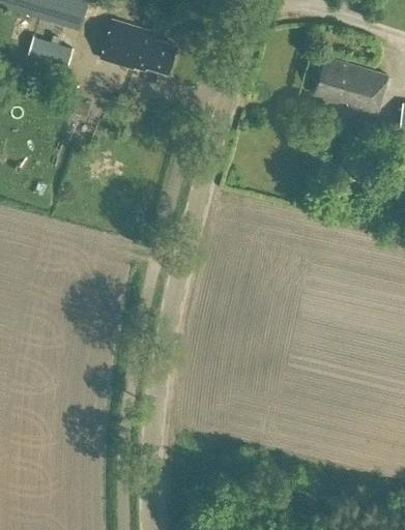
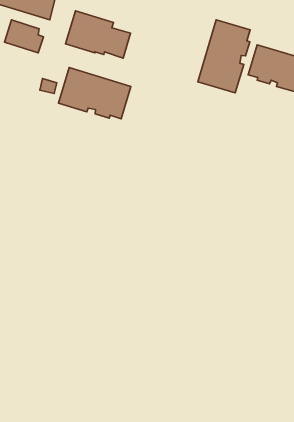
building: none -> [198,20,250,93]
building: none -> [59,68,131,119]

